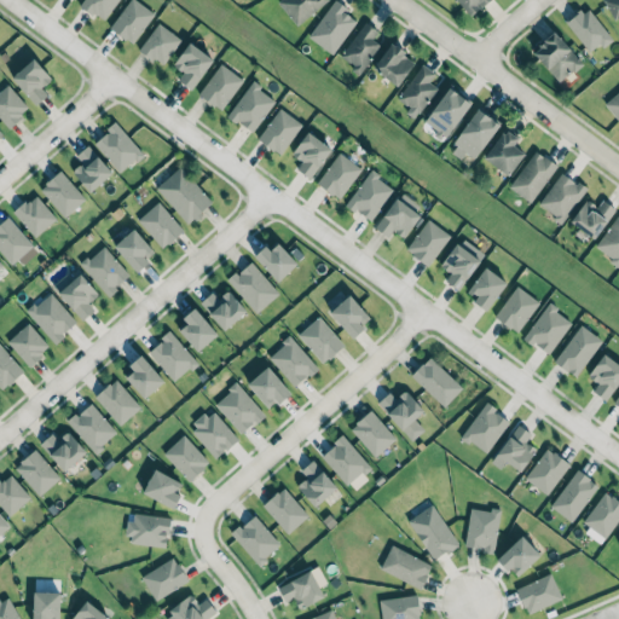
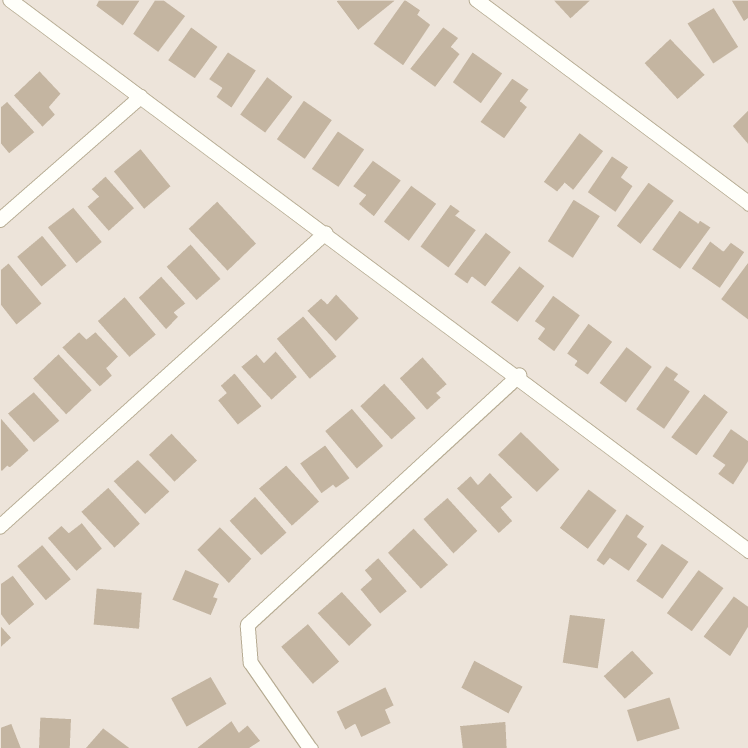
building: [426,88,470,138] -> [547,199,601,259]
building: [149,332,197,383] -> none
building: [407,505,458,561] -> none
building: [128,514,169,548] -> [93,588,143,629]

